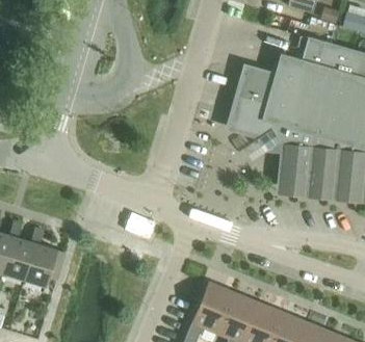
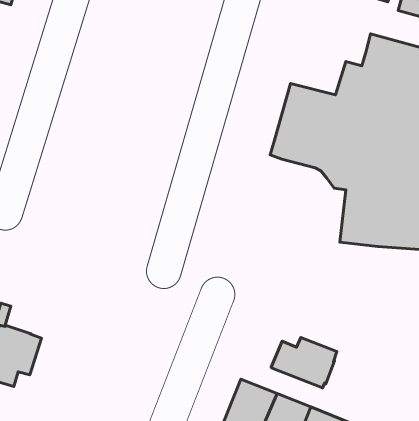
building: none -> [271,337,337,388]

